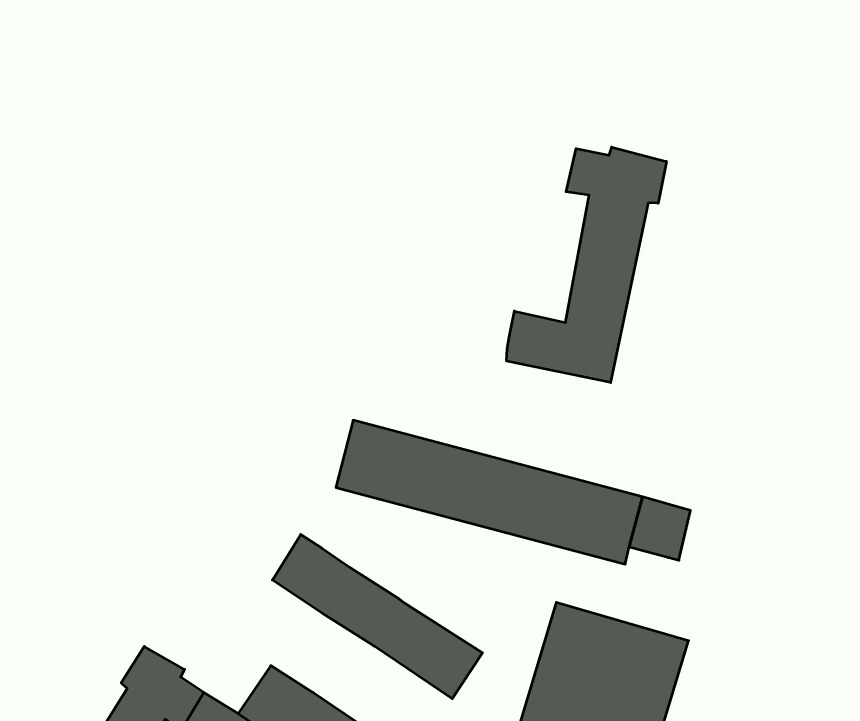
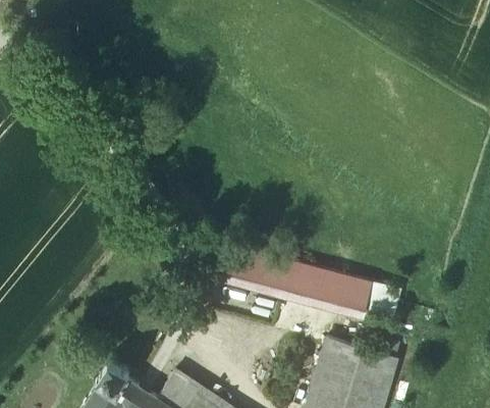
building: [507,147,666,383] -> none
building: [272,534,482,699] -> none

